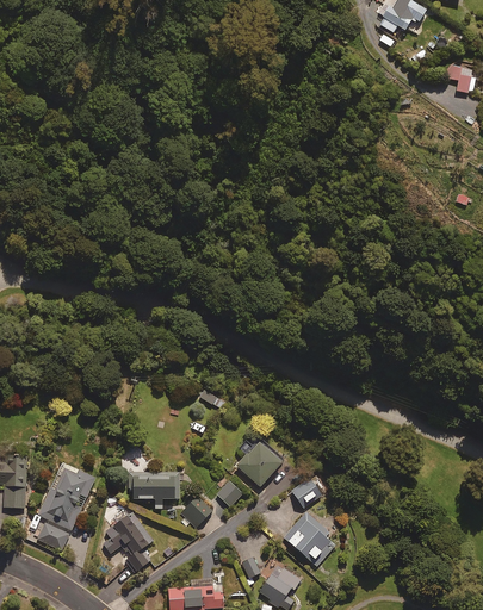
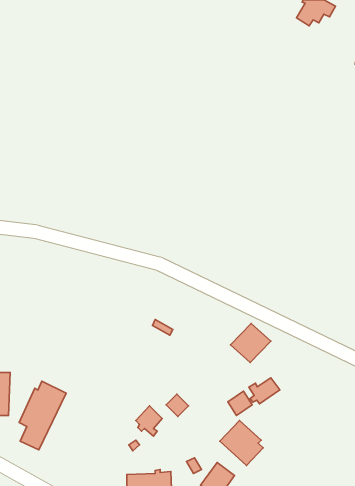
building: [236,437,285,485] -> [231,323,271,363]
building: none -> [249,378,280,404]
building: [129,471,180,508] -> none
building: [104,510,153,571] -> none

